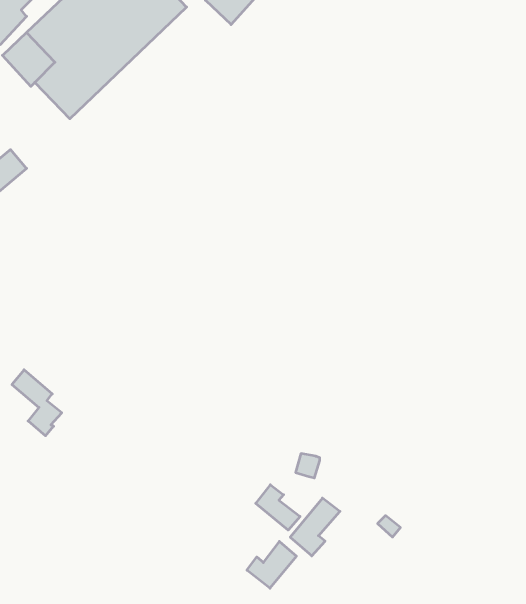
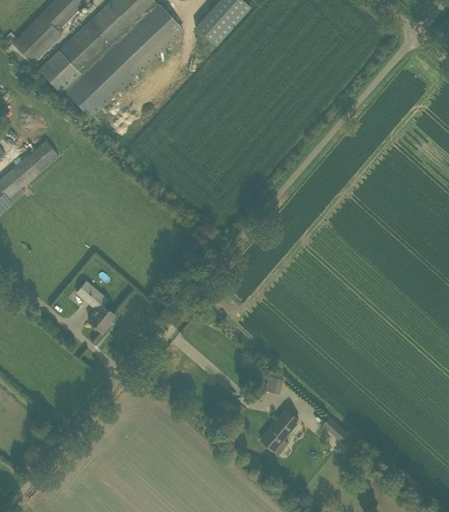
building: [12,370,62,436] -> [77,280,115,331]
building: [256,485,300,530] -> none
building: [247,541,296,588] -> none

